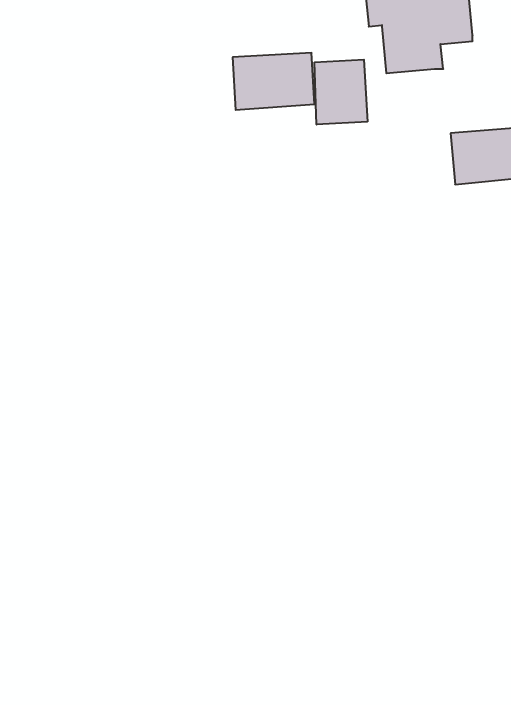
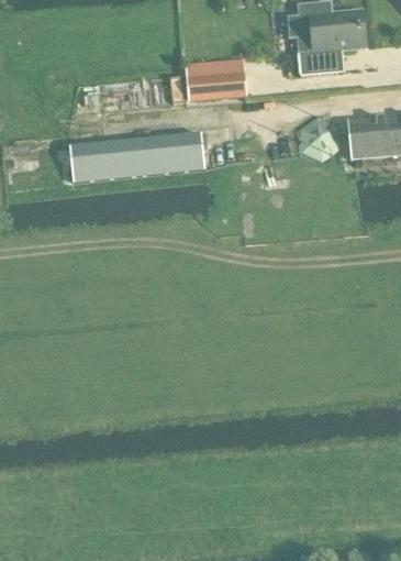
building: [315,60,367,125] -> none
building: none -> [69,132,203,182]

